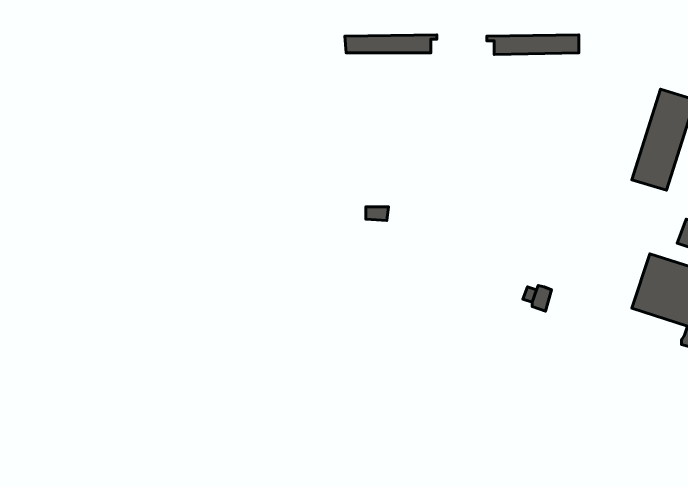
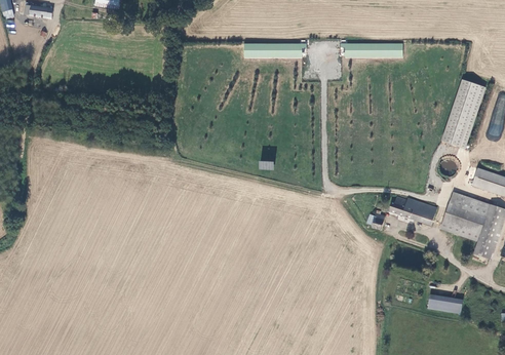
building: none -> [389,196,438,225]
building: none -> [430,293,465,313]

